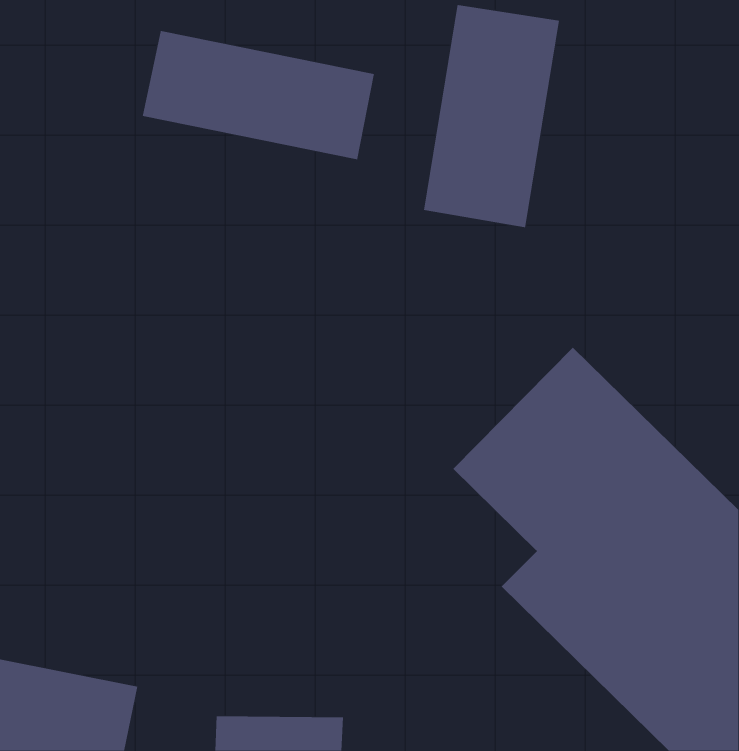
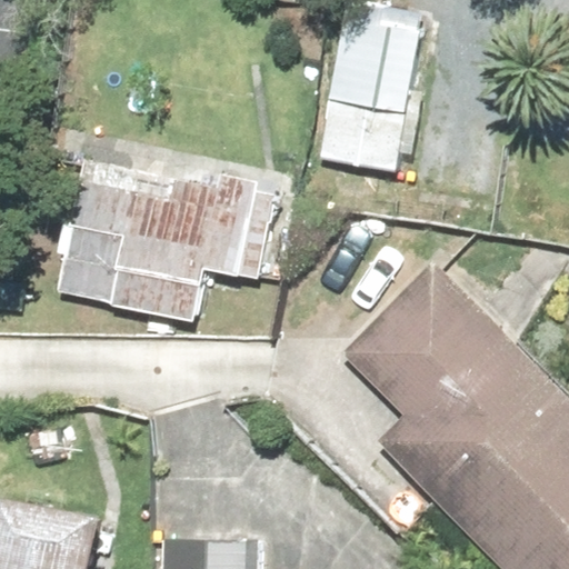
building: [142,30,374,160] -> none
building: none -> [57,162,279,322]

